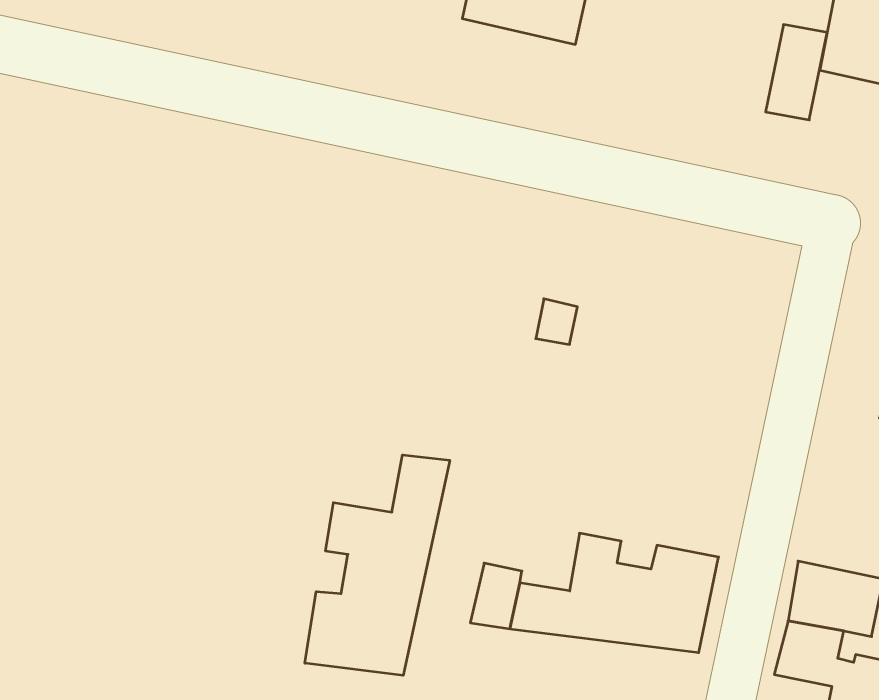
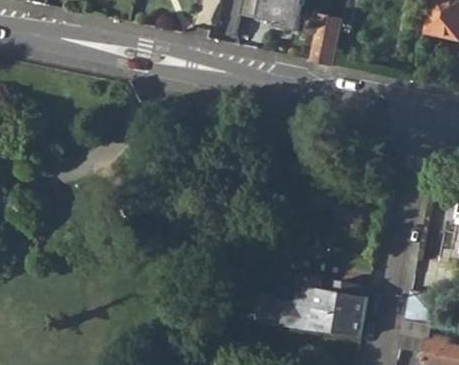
building: [766,25,827,120] -> [310,15,341,63]
building: [305,455,450,675] -> none

